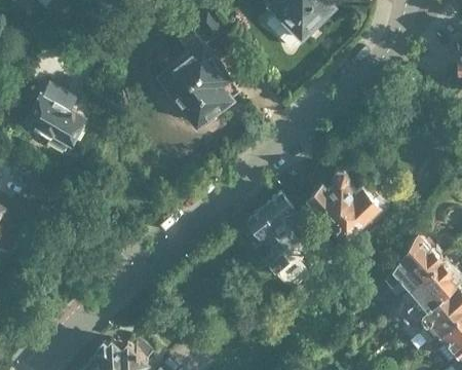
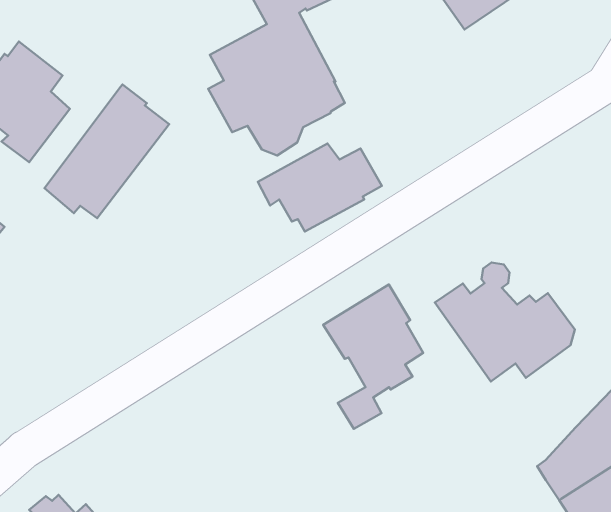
building: none -> [44,84,169,218]
building: none -> [258,143,382,232]

